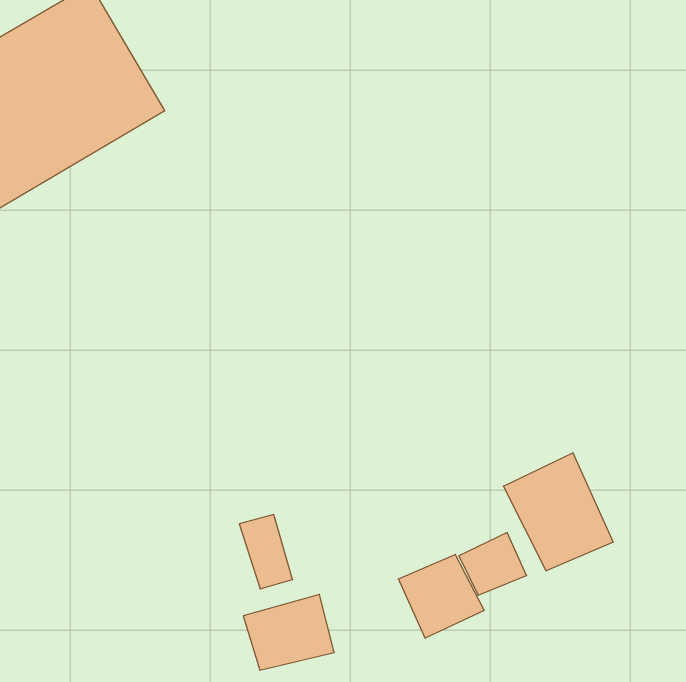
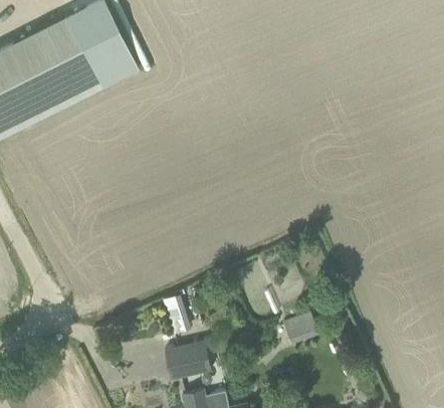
building: [503,453,613,571] -> none
building: [399,554,484,638] -> none

